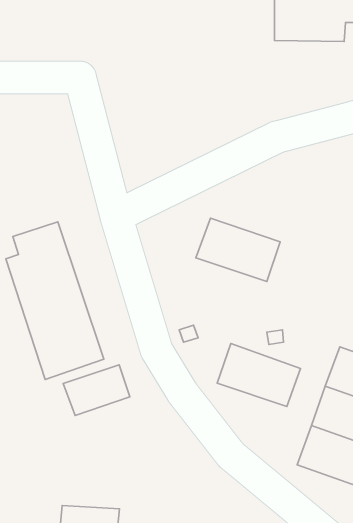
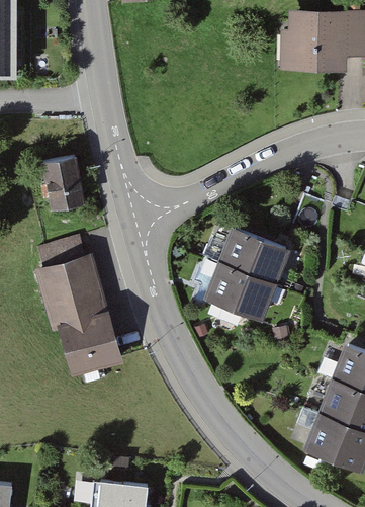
building: none -> [41,152,86,207]
building: [217,344,300,407] -> [200,265,275,322]
building: [63,365,130,415] -> none

